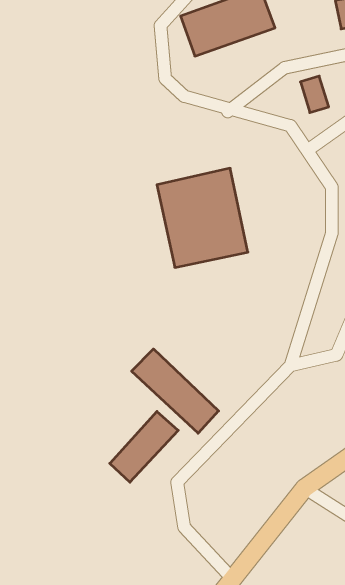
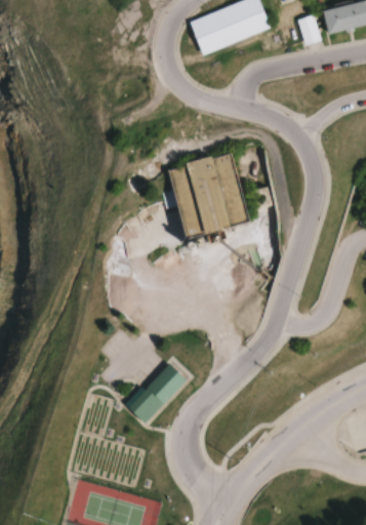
building: [300,76,329,113] -> [297,14,322,46]
building: [132,349,219,433] -> none

